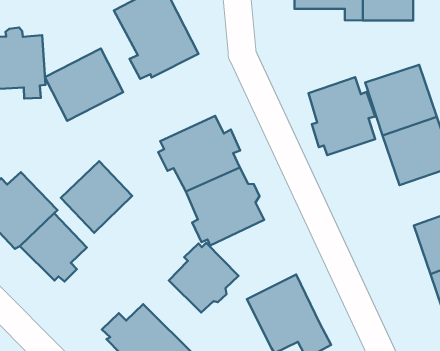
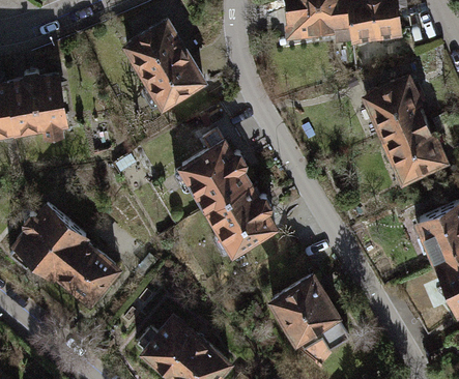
building: [45,49,123,121] -> none
building: [309,77,375,155] -> none
building: [61,161,132,233] -> none
building: [169,243,238,313] -> none

